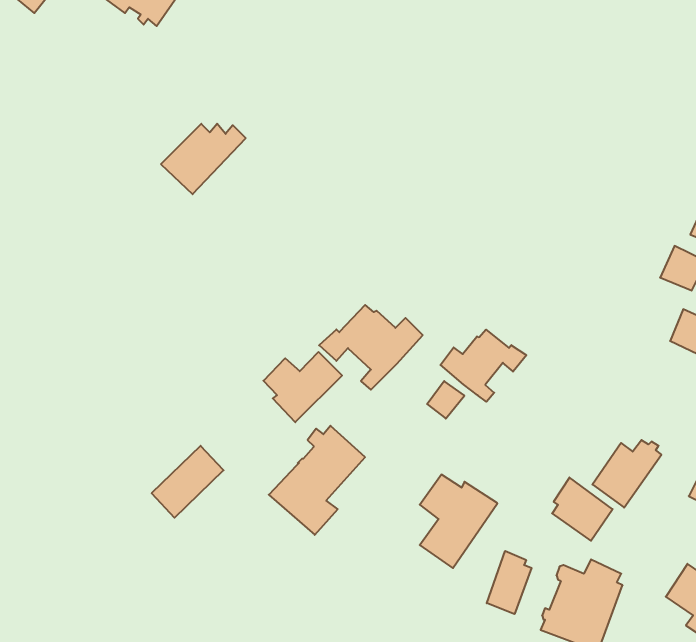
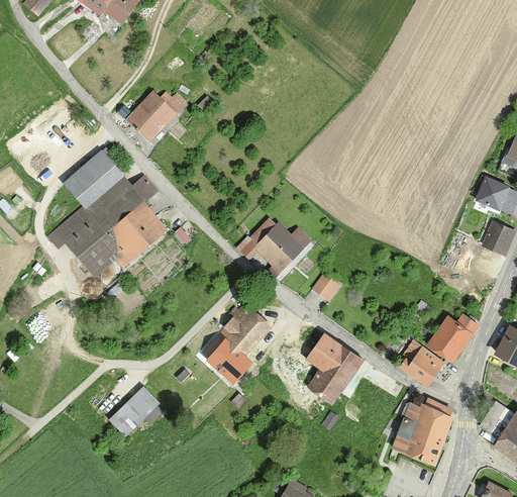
building: none -> [47,153,166,276]
building: [440,330,526,402] -> none
building: [263,352,342,422] -> none
building: [152,446,224,518] -> [109,386,160,436]
building: [487,551,532,614] -> none

